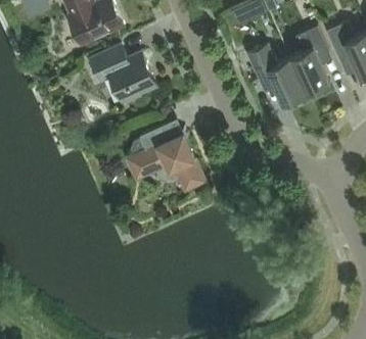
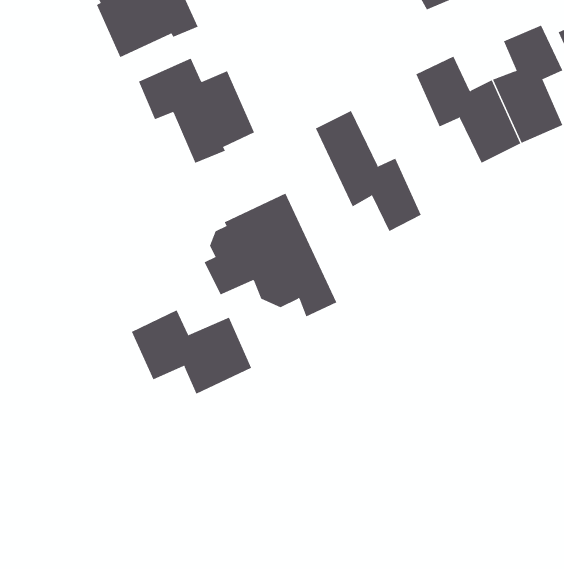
building: none -> [315,110,422,232]
building: none -> [131,310,252,394]

